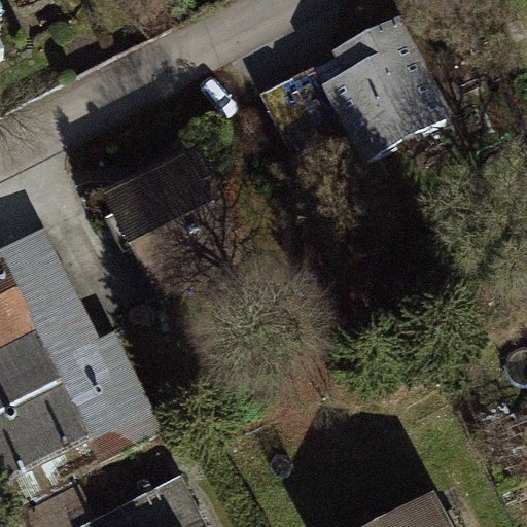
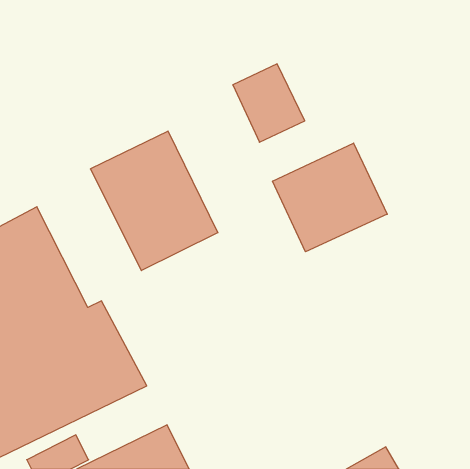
building: [315,12,453,166] -> none
building: none -> [273,143,387,252]

